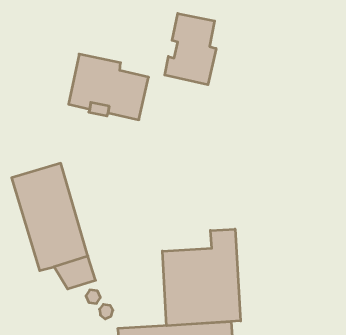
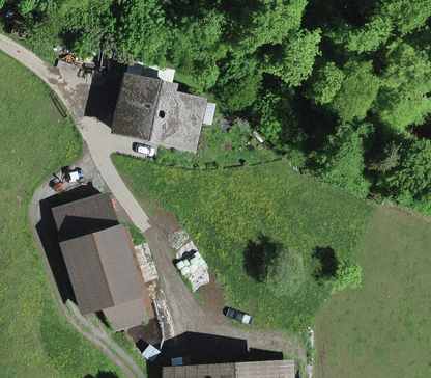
building: [165,13,216,85] -> none
building: [162,229,241,326] -> none

